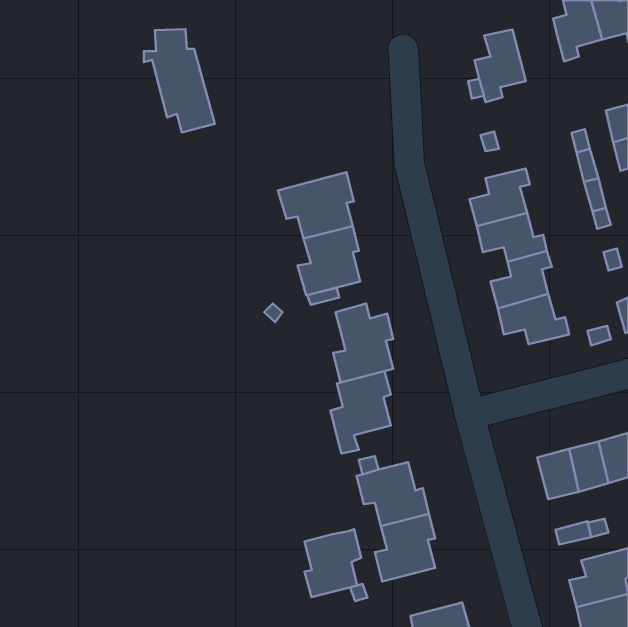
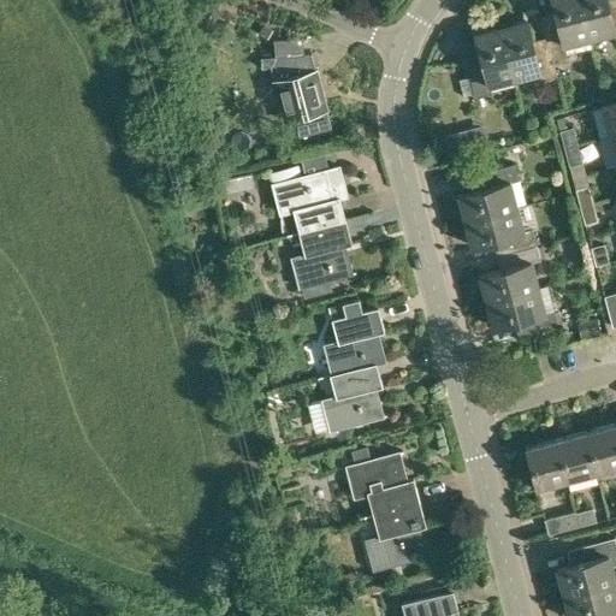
building: none -> [502,23,555,84]
building: [144,29,215,132] -> [262,38,332,140]
building: [304,529,361,597] -> none

